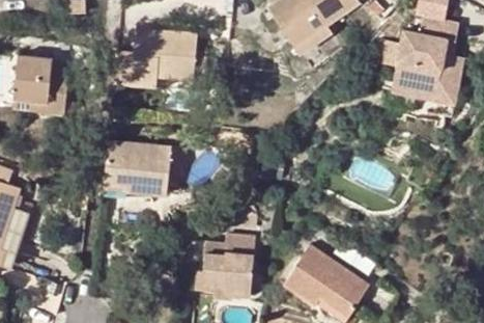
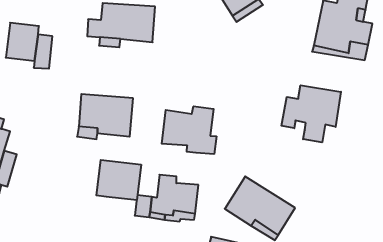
building: none -> [281,85,341,142]
building: none -> [162,106,216,154]
building: none -> [96,160,141,200]

